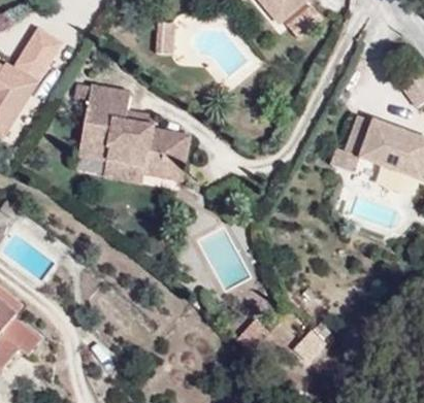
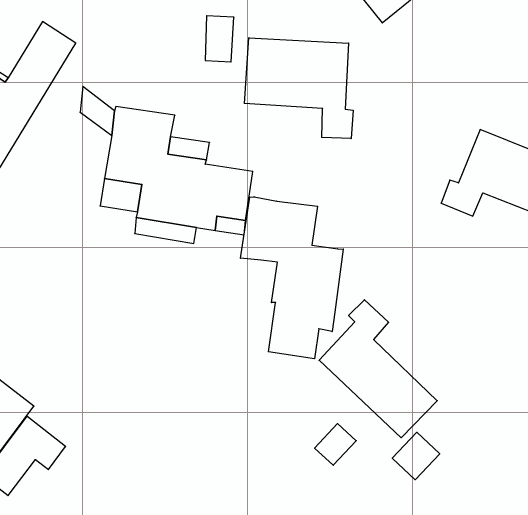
building: none -> [244,38,353,139]
building: none -> [241,197,343,359]
building: none -> [319,300,437,438]

